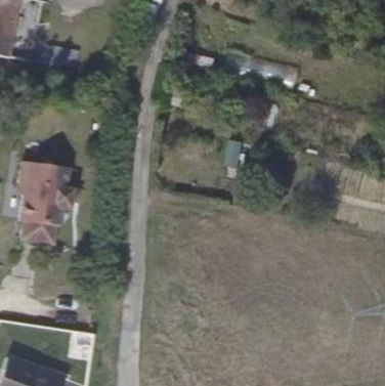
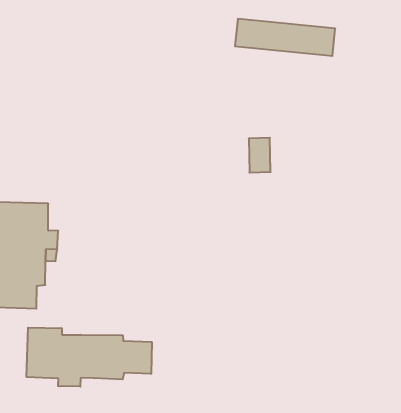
building: none -> [27,328,152,387]

